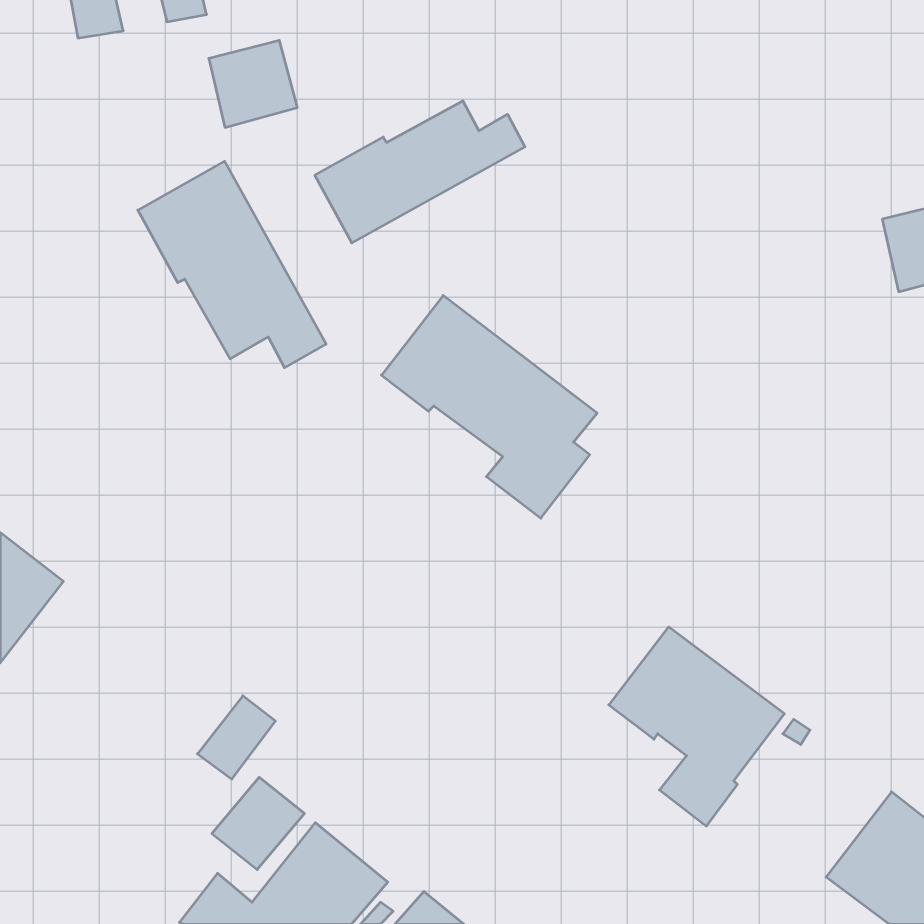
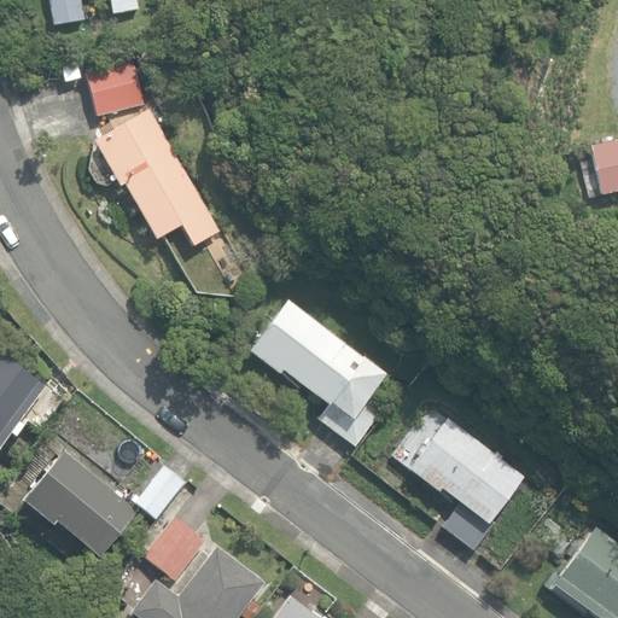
building: [209,40,297,127] -> [86,59,145,117]
building: [315,101,525,243] -> none
building: [381,295,597,518] -> [245,297,389,445]
building: none -> [22,450,138,559]

